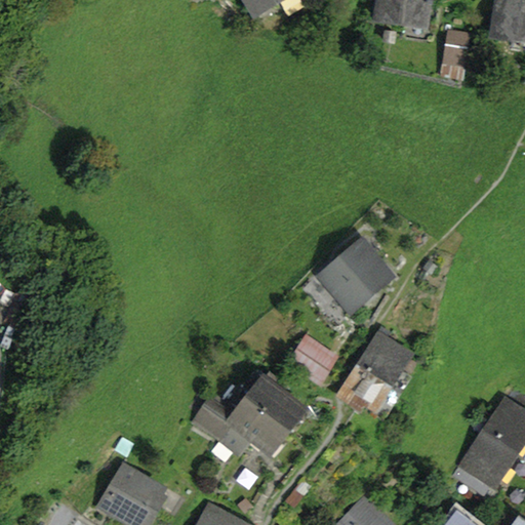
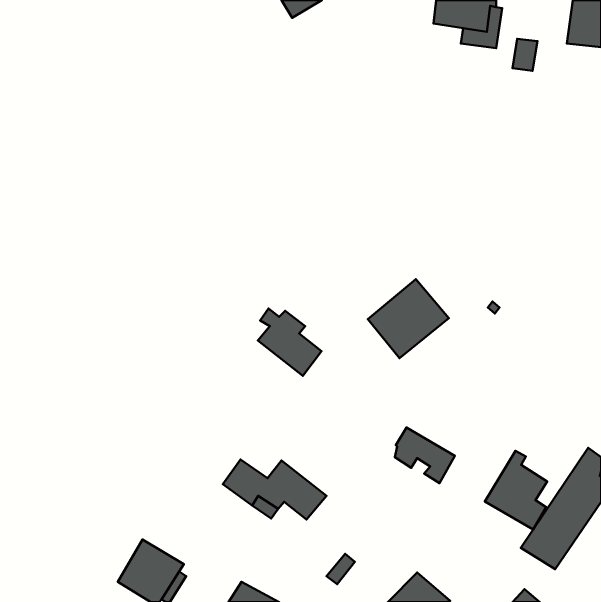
building: [354,328,408,397] -> [485,451,547,530]
building: [289,338,333,381] -> none
building: [245,373,300,432] -> [258,309,322,376]

